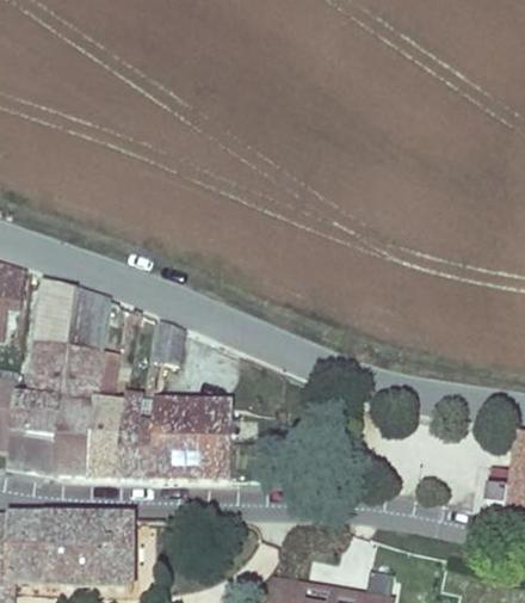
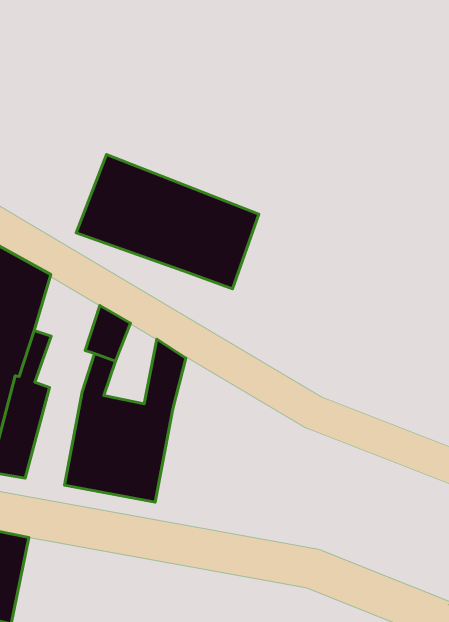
building: none -> [76,154,259,289]
building: [117,383,153,473] -> none

